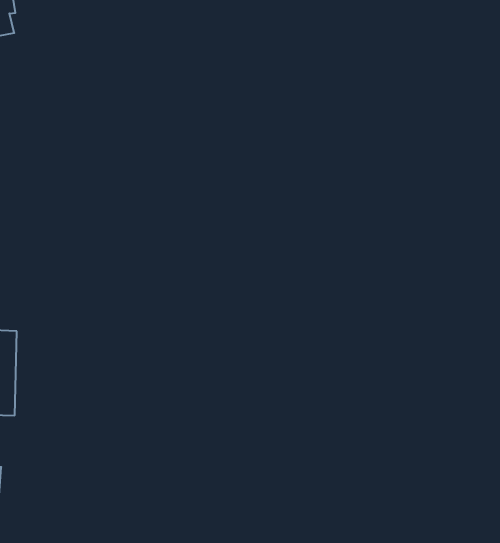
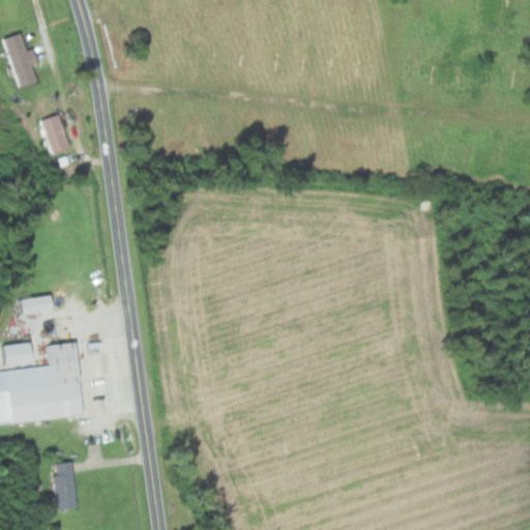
building: none -> [41,114,69,154]

